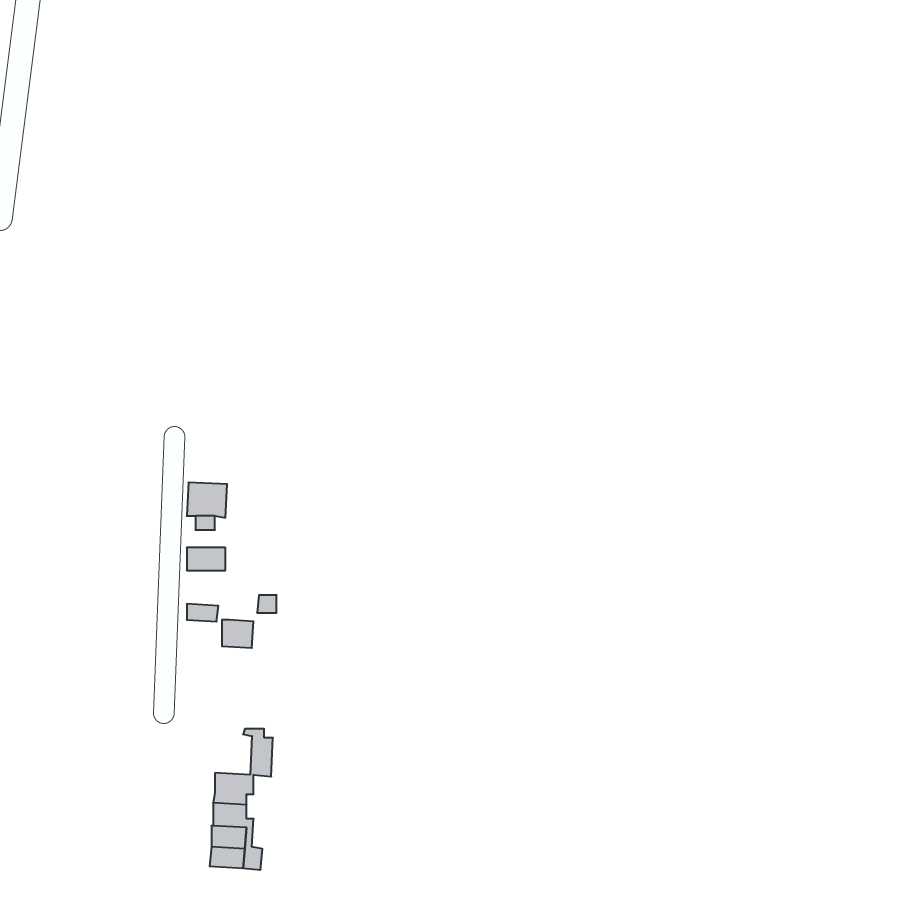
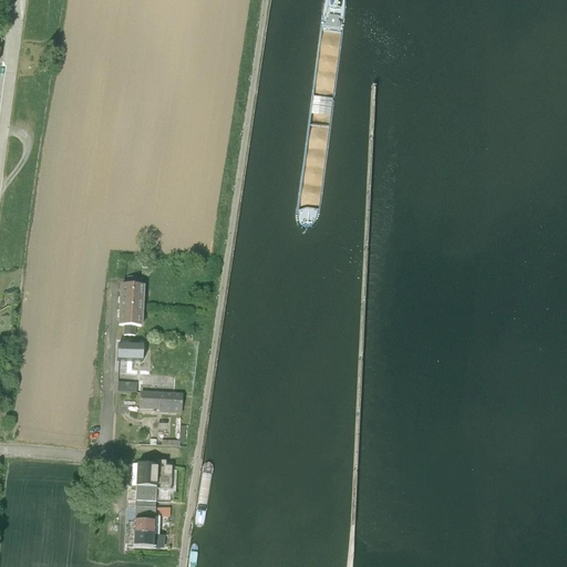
building: none -> [118,282,144,305]
building: none -> [158,391,183,412]
building: none -> [134,462,158,487]

